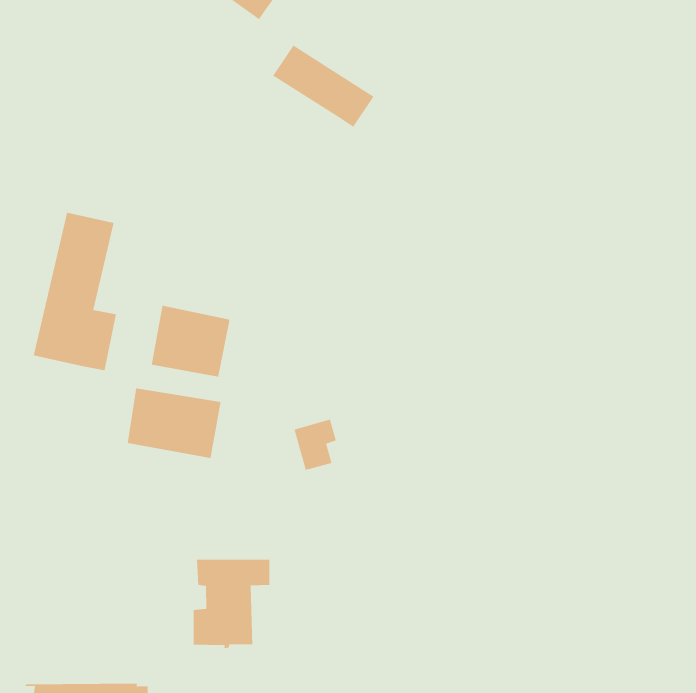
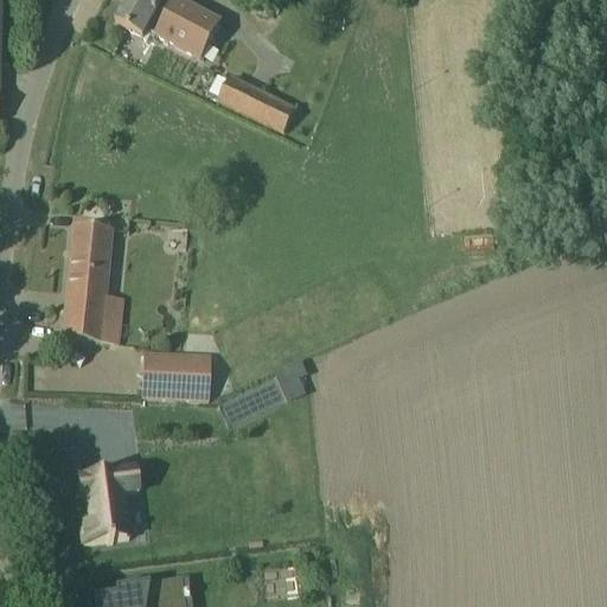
building: [151,305,230,377] -> none
building: [193,559,270,649] -> [83,468,142,542]

